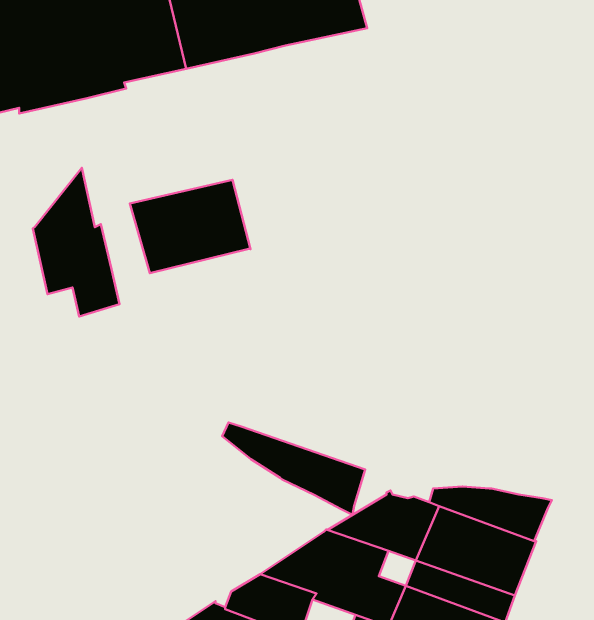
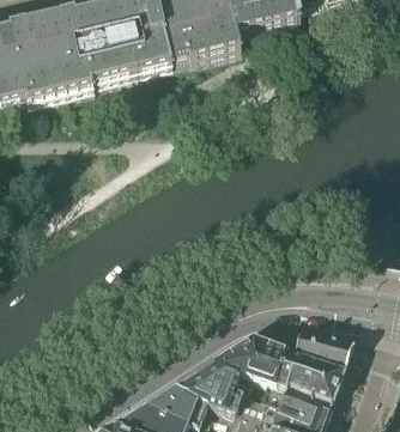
building: [33,168,120,316] -> none
building: [130,180,251,273] -> none
building: [222,422,365,515] -> none

